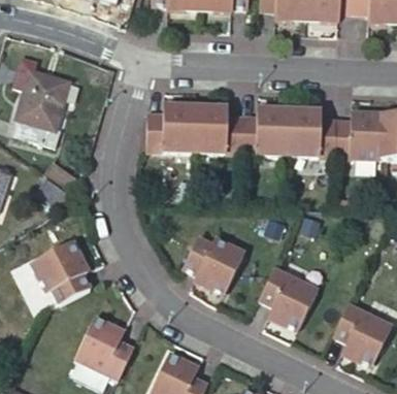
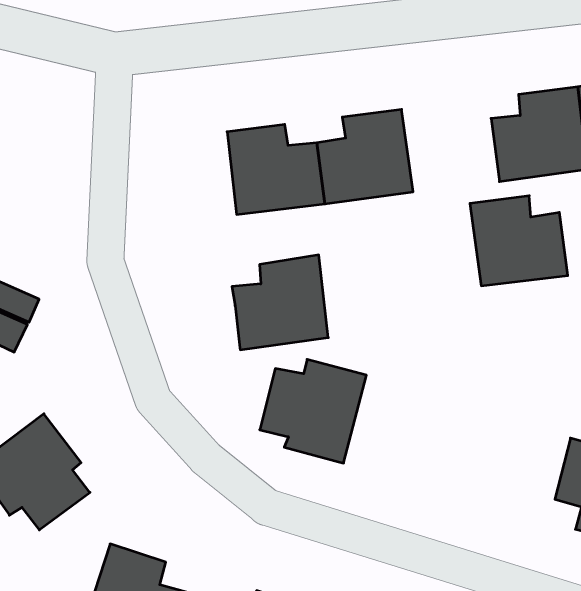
building: [144,107,194,152] -> [232,255,328,350]
building: [287,110,334,157] -> [470,196,568,286]
building: [262,262,319,323] -> none

